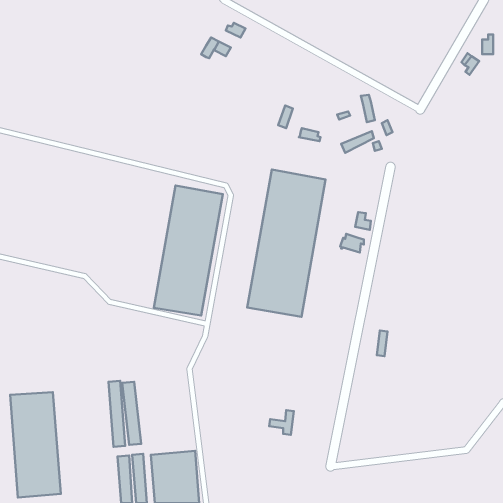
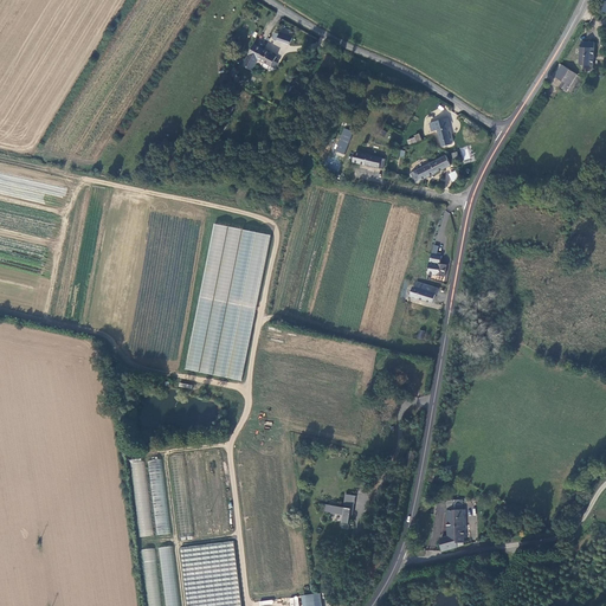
building: [247,169,326,317] -> none
building: [10,392,61,498] -> none
building: none -> [440,509,464,553]

